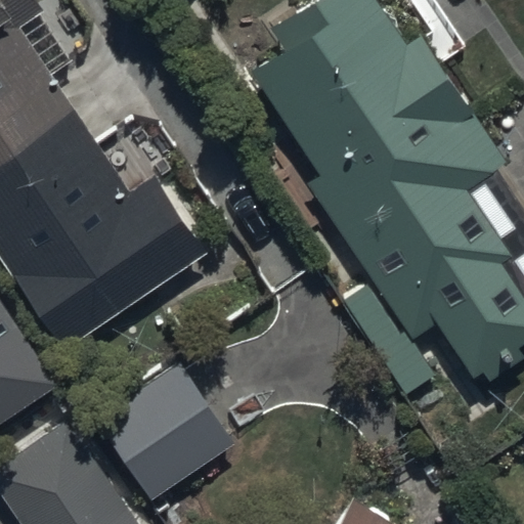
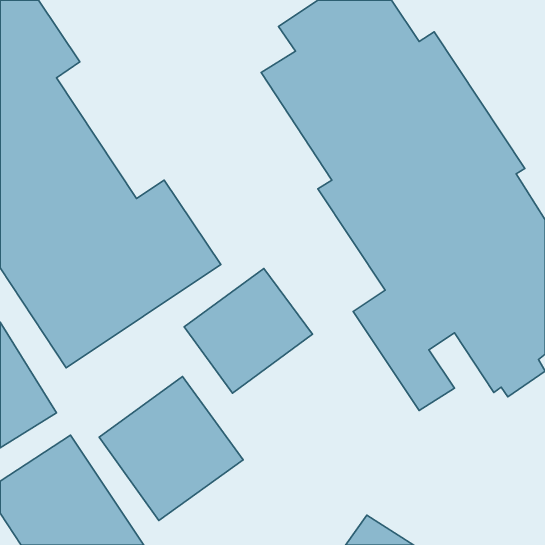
building: none -> [184,269,313,393]

